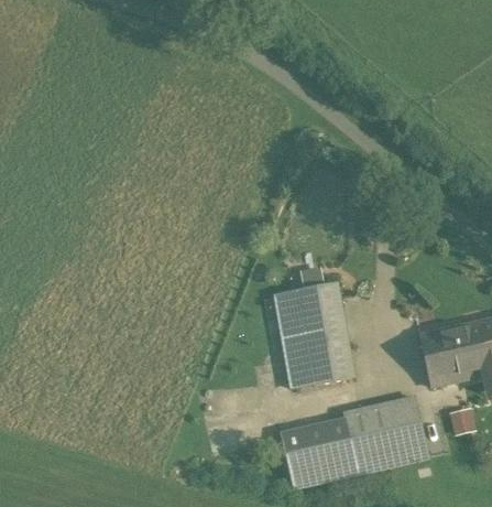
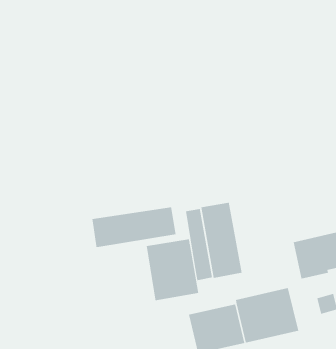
building: none -> [92,206,176,248]
building: none -> [146,238,199,301]

